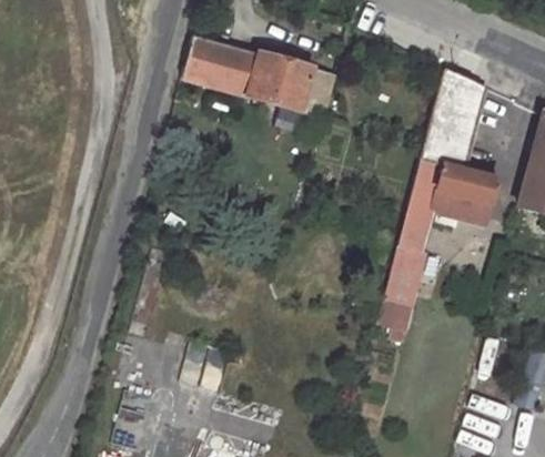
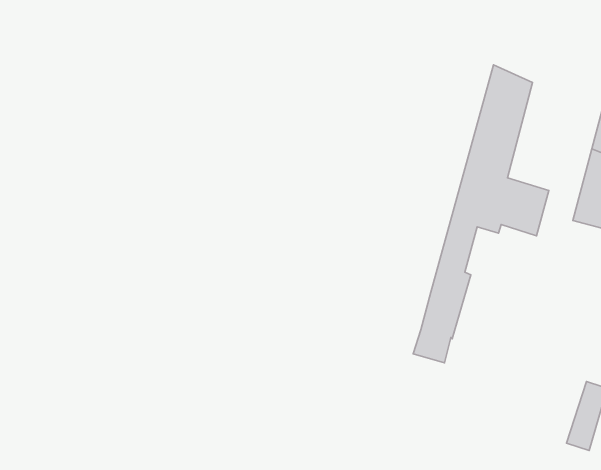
building: [180,37,333,113] -> none

